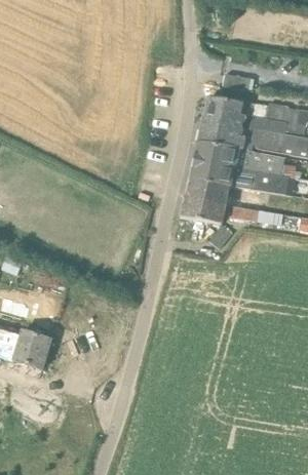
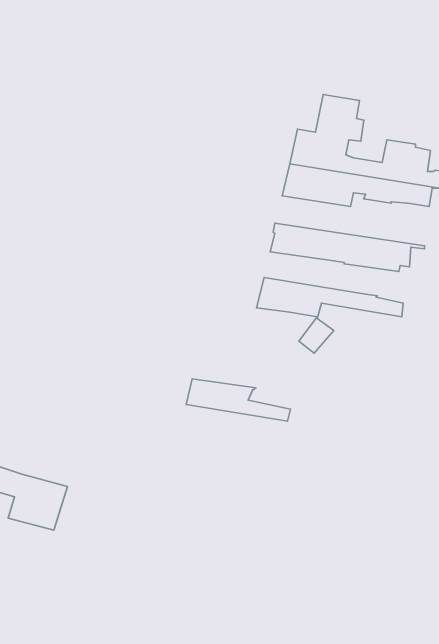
building: [192,142,296,175] -> none
building: [185,180,256,208] -> [186,379,291,421]

